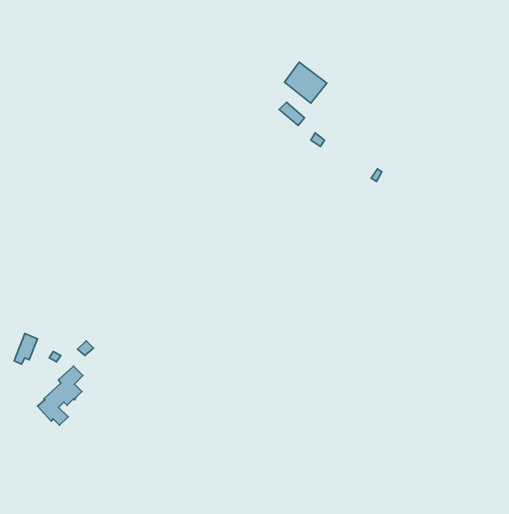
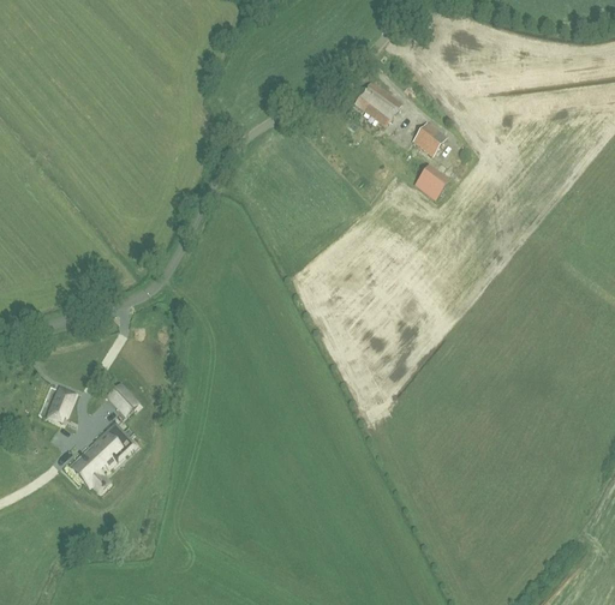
building: none -> [411,121,446,156]
building: none -> [413,164,447,199]

